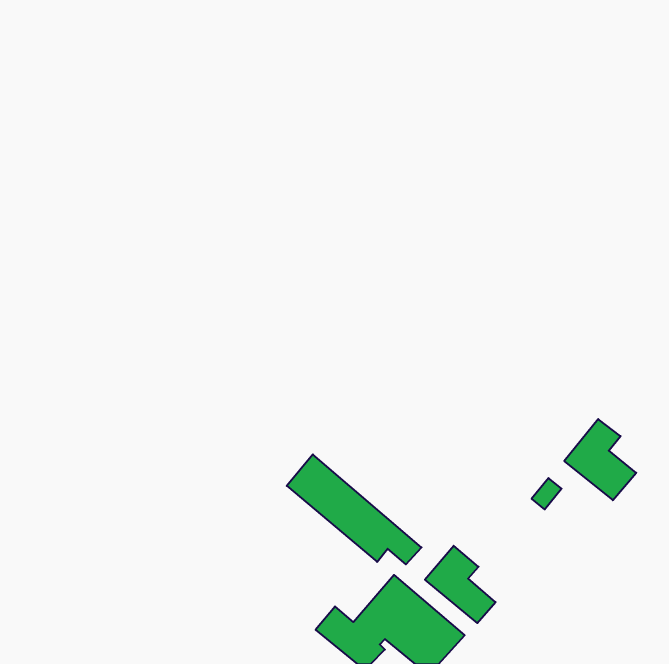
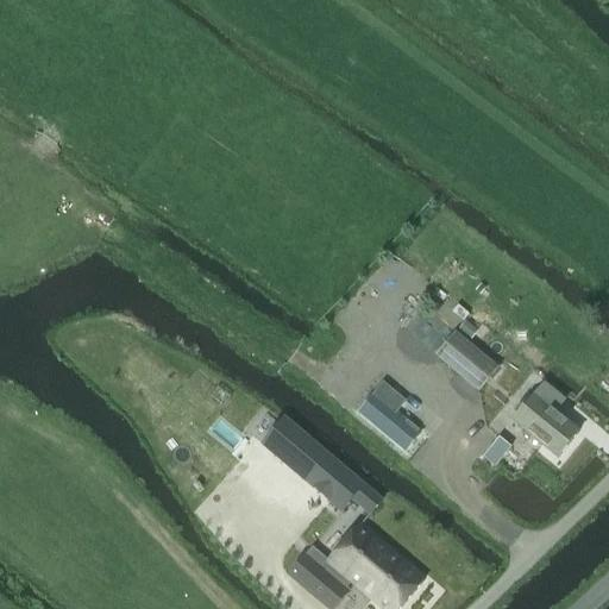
building: none -> [435,331,496,388]
building: [425,546,496,623] -> [357,378,421,448]

